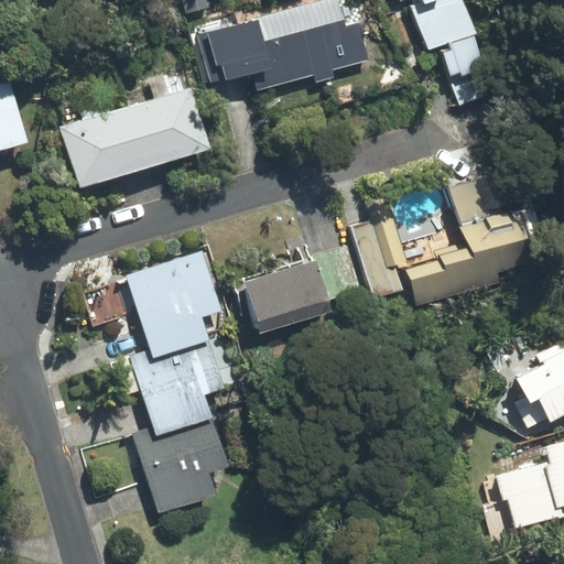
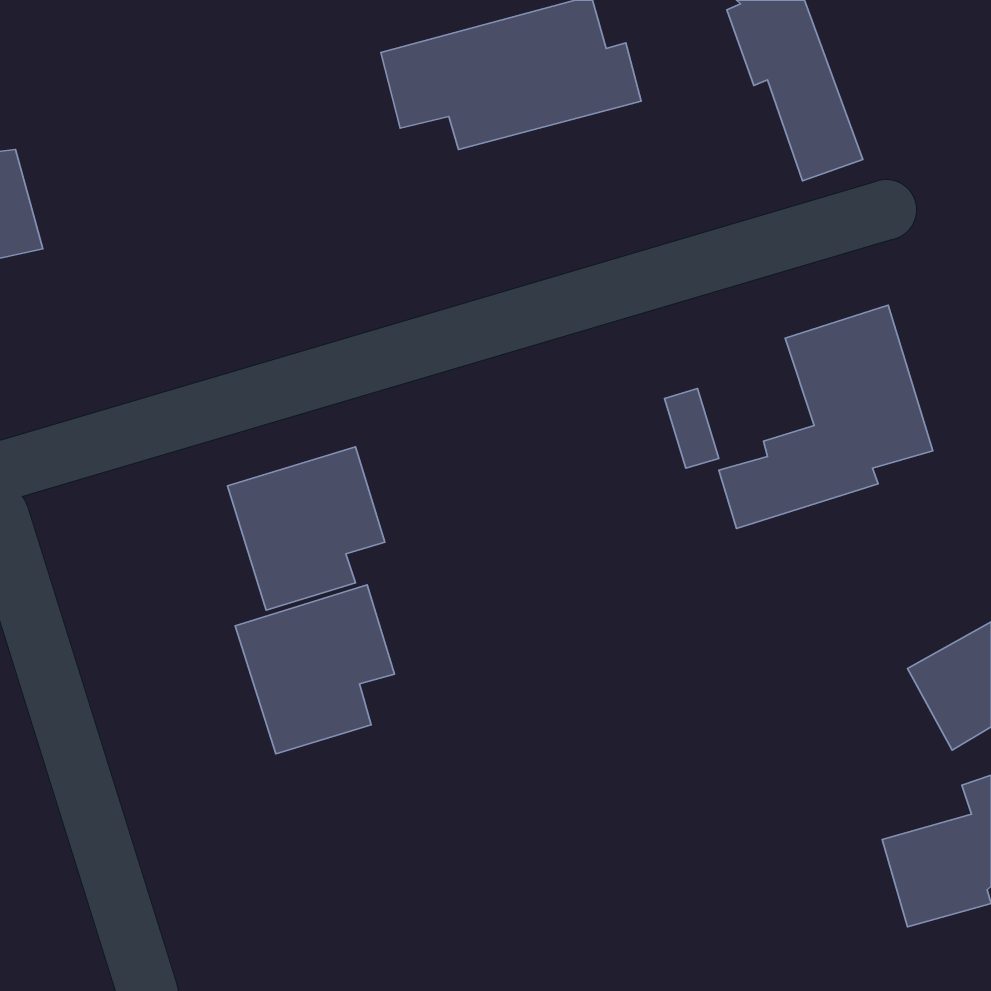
building: [64,90,208,185] -> none
building: [245,264,326,329] -> none
building: [137,413,227,508] -> none

